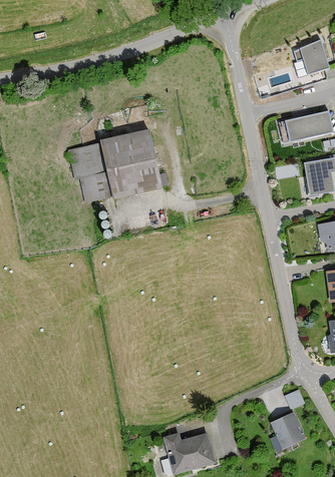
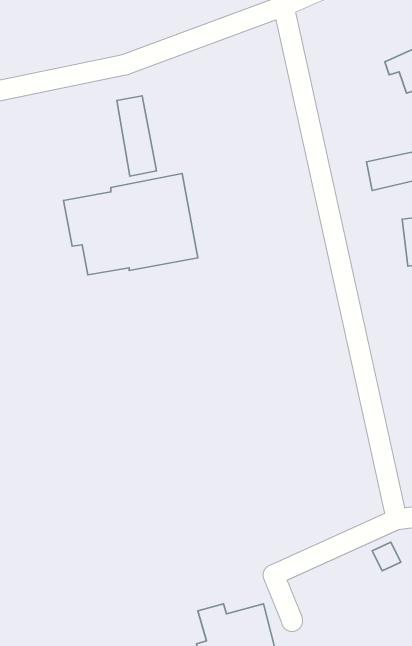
building: none -> [117,96,156,176]
building: [270,412,305,449] -> none

